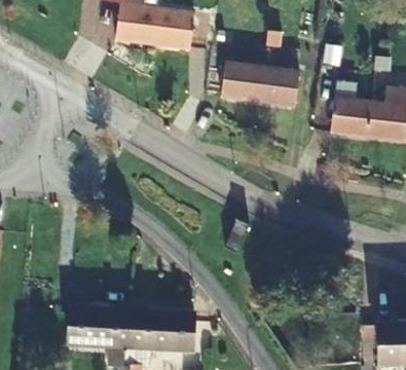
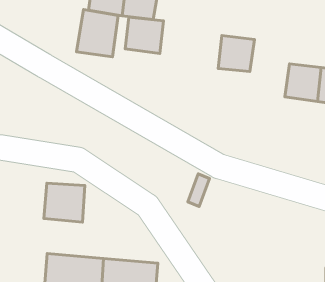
building: none -> [76,9,118,57]
building: [221,63,263,103] -> [125,17,164,54]
building: none -> [44,183,85,222]

